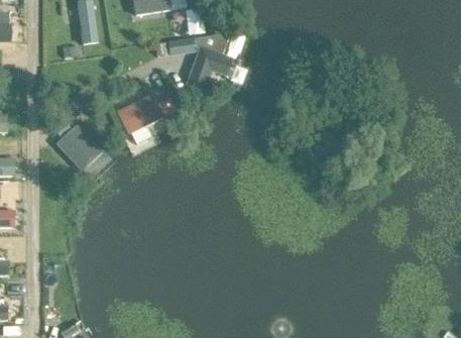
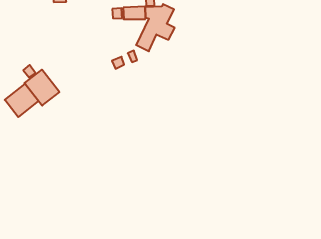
building: [119,94,162,132] -> none
building: none -> [5,84,39,117]

